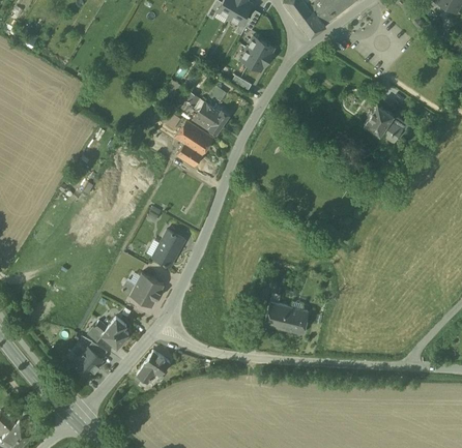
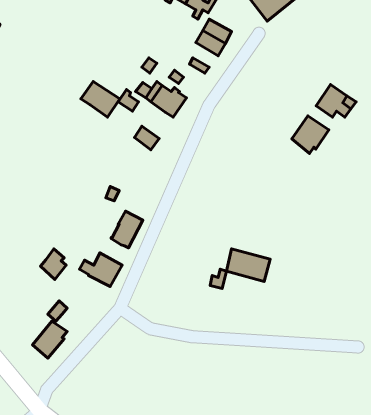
building: [175,119,214,155] -> [81,81,120,117]
building: none -> [292,116,329,153]
building: [265,300,310,333] -> [226,249,270,282]
building: [104,316,129,347] -> [41,249,66,279]
building: [138,350,171,383] -> none

